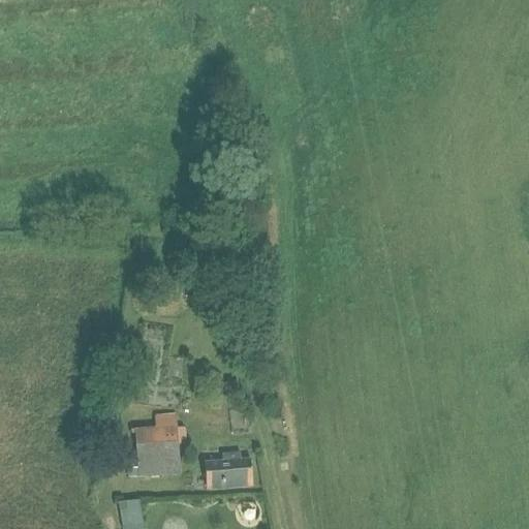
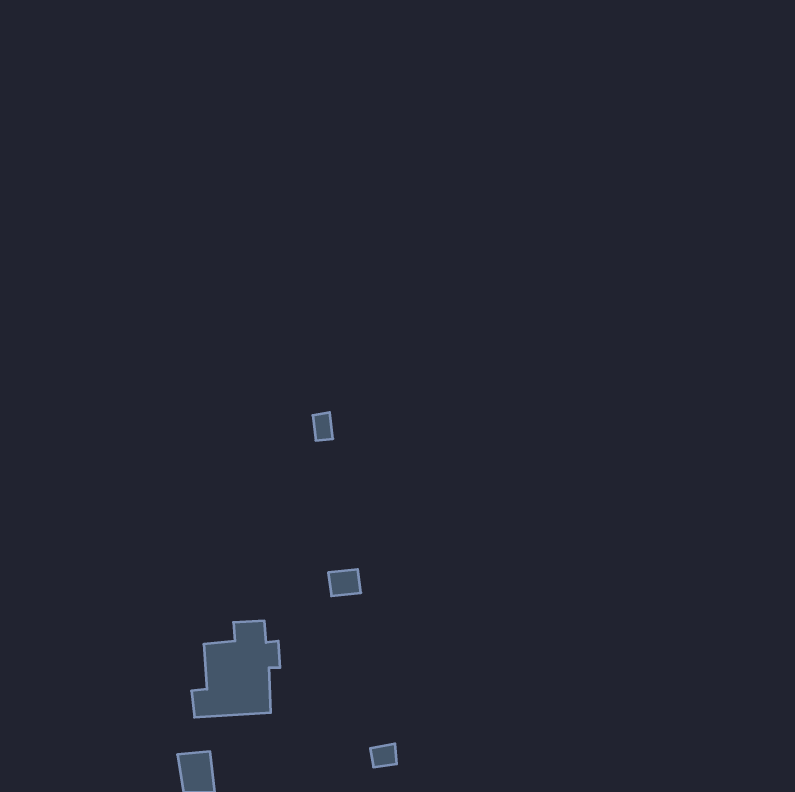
building: [205,453,252,488] -> none

